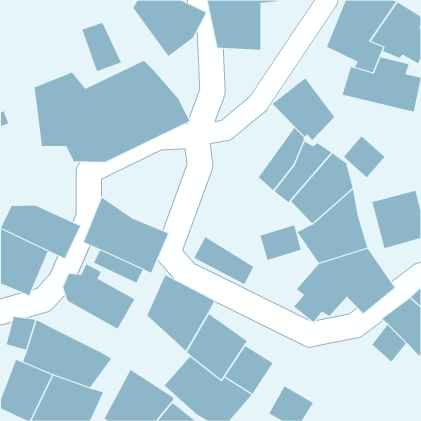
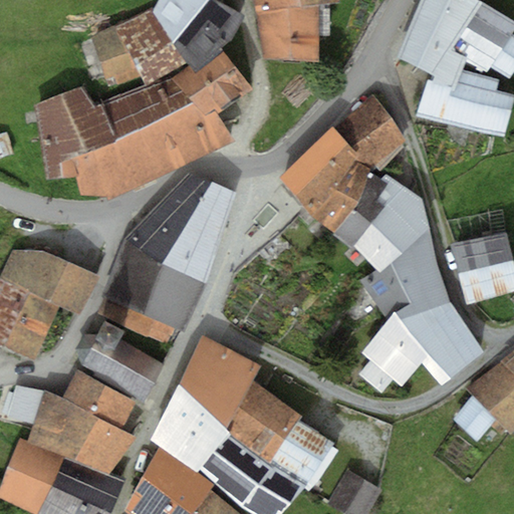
building: none -> [125,10,199,83]
building: none -> [190,61,253,119]
building: none -> [279,126,358,216]
building: [343,136,385,178] -> none
building: none -> [123,174,234,284]
building: [260,224,302,261] -> none
building: [194,236,254,285] -> none
building: none -> [62,369,136,429]
building: none -> [149,384,232,474]

